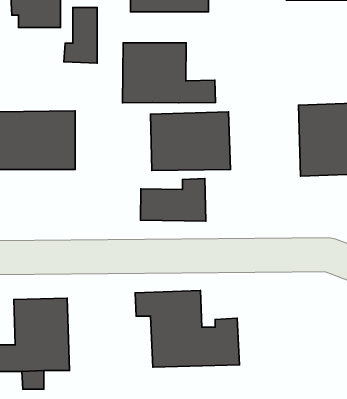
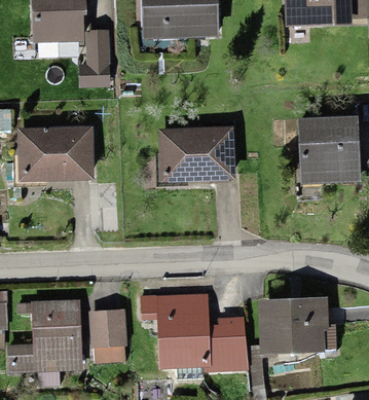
building: [122,43,215,103] -> none
building: [140,178,206,221] -> none
building: none -> [259,301,324,353]
building: none -> [91,311,125,362]

